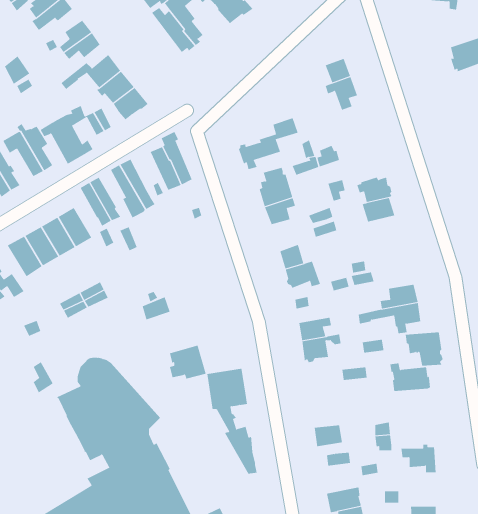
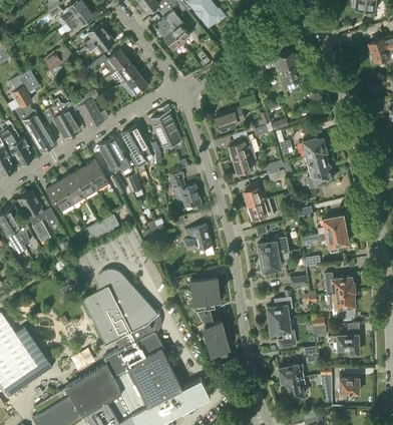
building: none -> [306,165,334,189]
building: none -> [169,175,203,210]
building: [405,332,443,366] -> [327,293,355,318]
building: [169,345,206,379] -> [184,225,212,250]
building: none -> [267,291,293,321]

